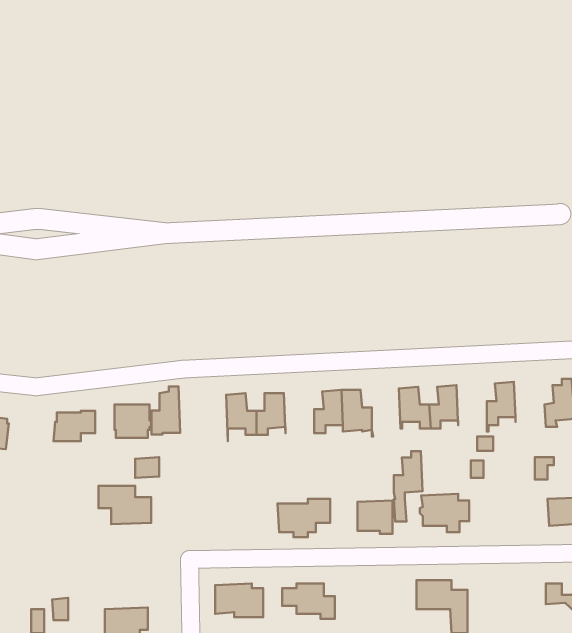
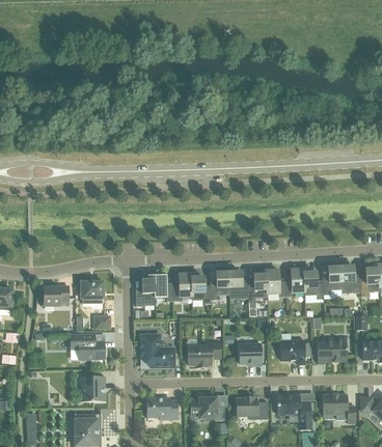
building: none -> [340,266,361,296]
building: none -> [303,269,323,299]
building: [151,387,180,435] -> [136,275,155,306]
building: none -> [191,273,211,304]
building: [394,451,422,521] -> [248,271,267,316]
building: none -> [141,334,174,367]
building: none -> [318,338,347,363]
building: none -> [80,375,106,401]
building: none -> [322,393,356,422]
building: none -> [233,396,268,419]

